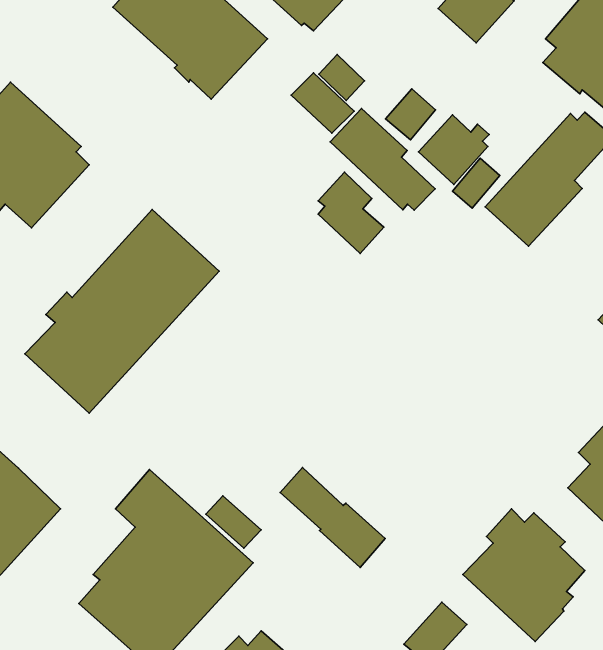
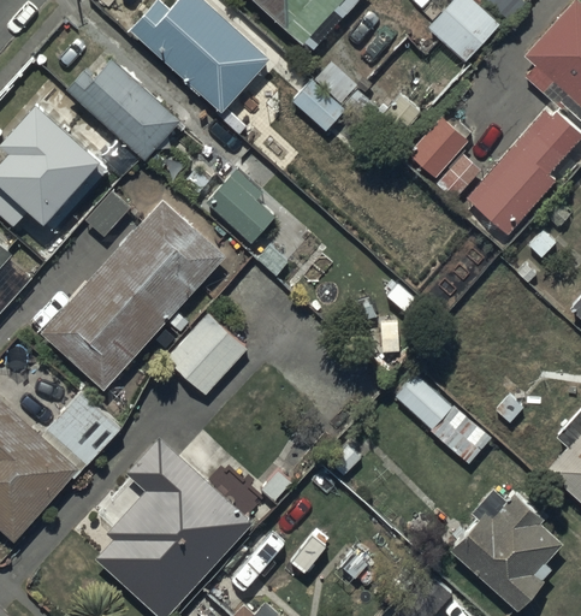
building: none -> [64,53,178,155]
building: [330,108,435,210] -> none
building: [318,172,384,254] -> [209,165,269,239]
building: none -> [165,310,245,391]
building: none -> [40,403,120,484]
building: [280,468,385,567] -> [392,371,488,462]

